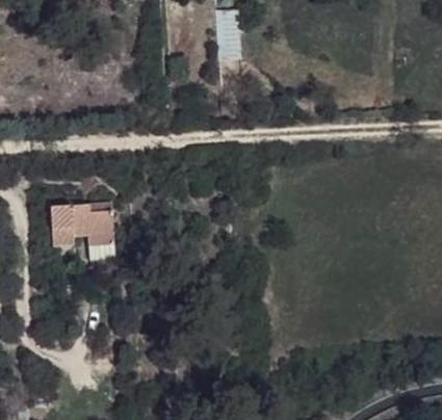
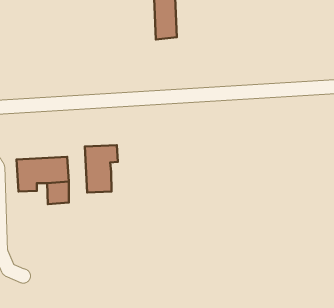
building: none -> [85,145,118,192]

